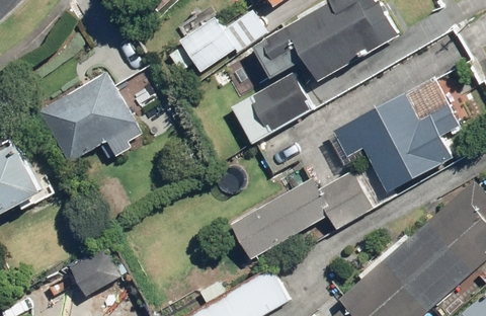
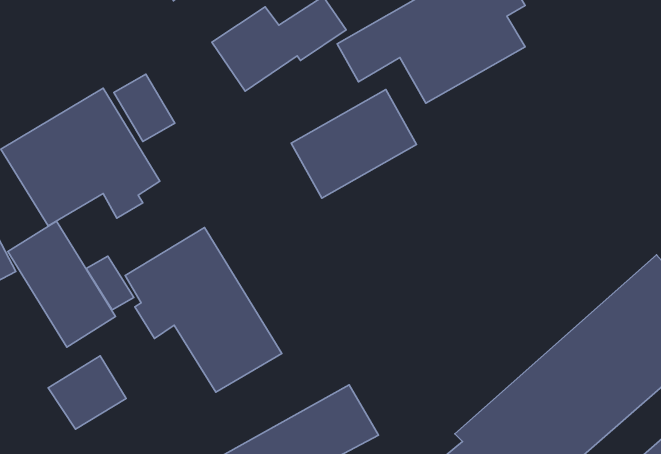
building: [332,92,459,193] -> none
building: none -> [8,221,115,347]
building: none -> [125,227,282,392]
building: [228,170,373,261] -> none

